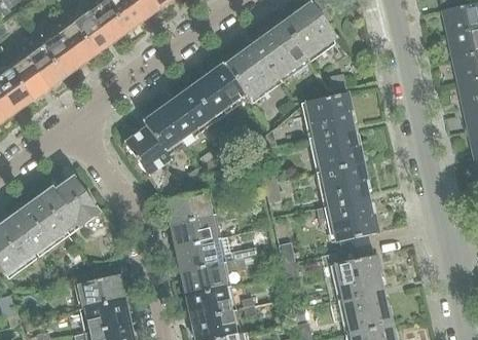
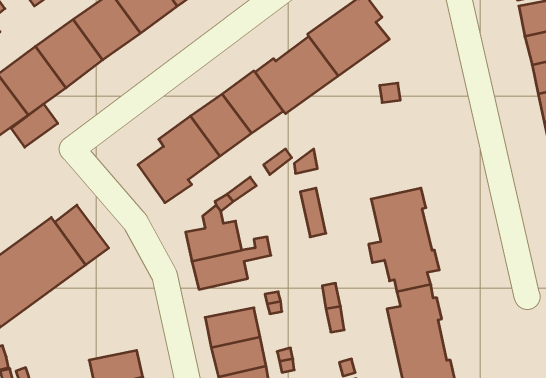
building: none -> [11,104,58,147]
building: [304,92,362,172] -> none
building: [175,238,221,271] -> none
building: [75,263,122,307] -> none

